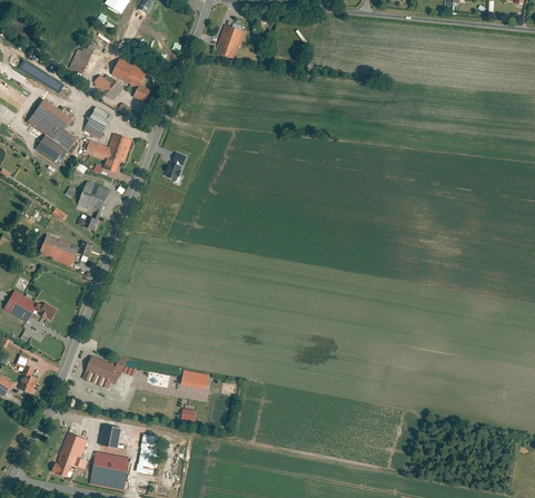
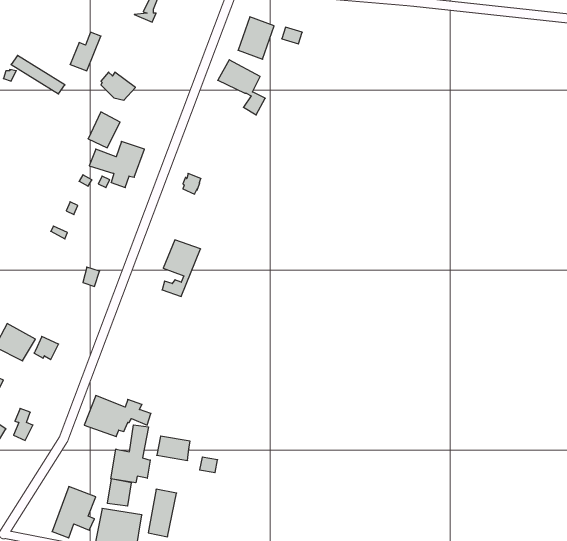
building: [111,55,152,102] -> [218,60,265,115]
building: [27,99,76,165] -> none
building: [77,182,110,231] -> [162,240,201,296]
building: [39,234,79,265] -> none
building: [180,371,209,392] -> [157,436,190,460]
building: none -> [111,425,150,483]

